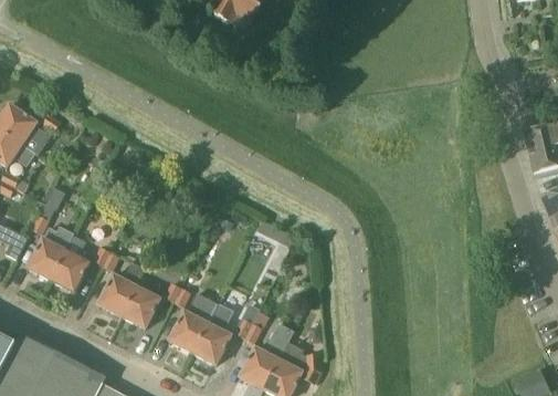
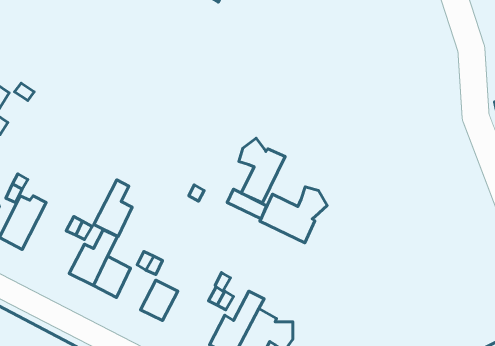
building: none -> [239,138,285,203]
building: none -> [260,187,327,243]
building: [50,235,88,292] -> [94,180,132,237]
building: [191,302,232,365] -> none

